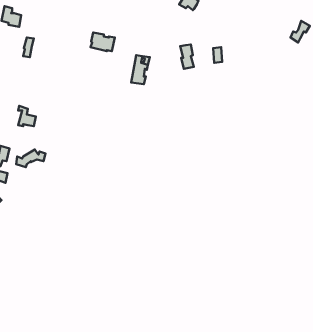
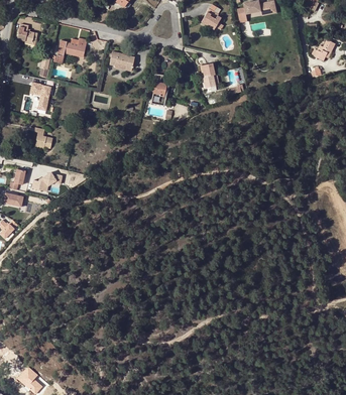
building: none -> [57,38,87,56]
building: none -> [30,80,54,111]

